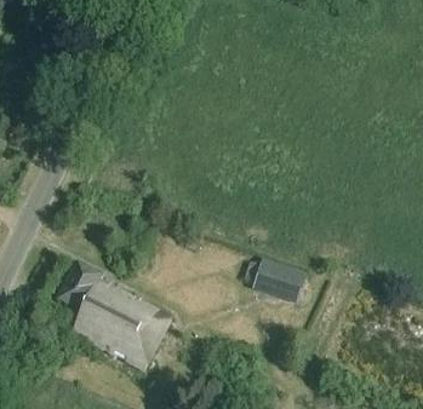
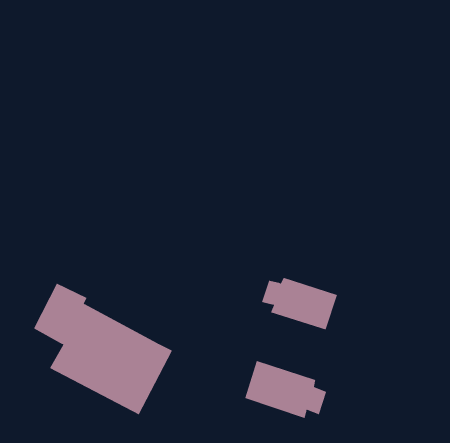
building: none -> [244,360,327,419]

